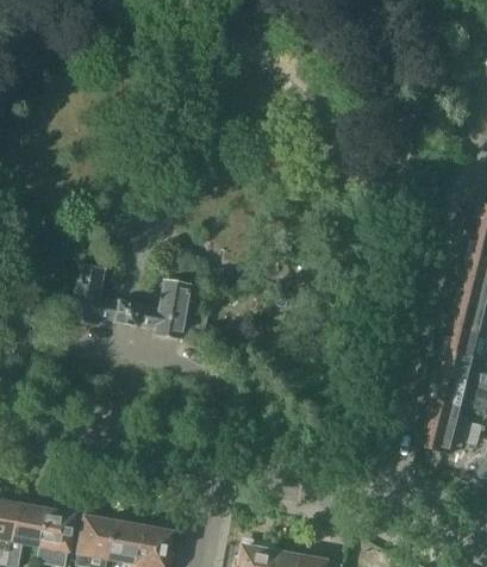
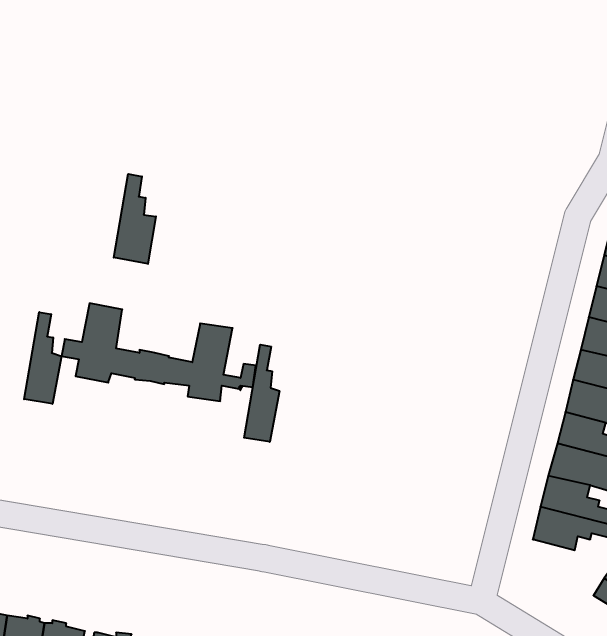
building: none -> [114,174,156,264]
building: none -> [24,312,62,404]
building: none -> [244,345,279,442]

